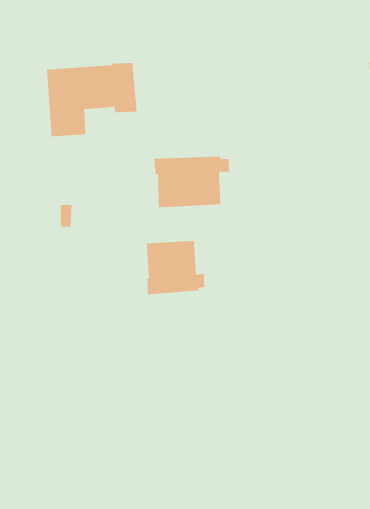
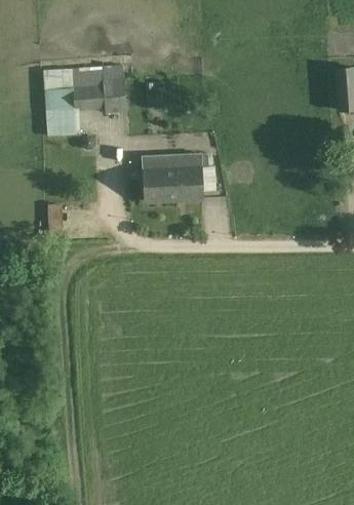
building: [146,240,205,295] -> none

